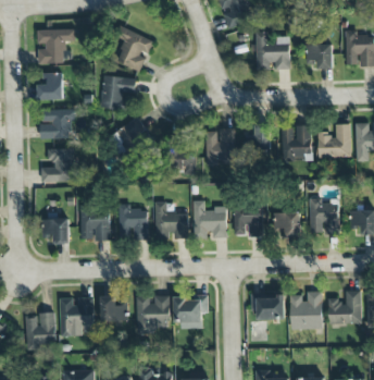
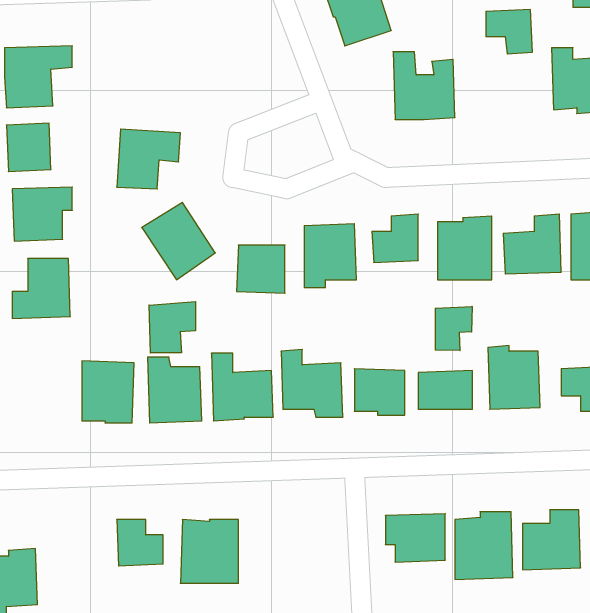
building: [115,27,153,72] -> none
building: [307,45,333,70] -> [486,10,532,54]
building: none -> [149,302,195,353]
building: none -> [435,306,472,351]
building: [42,219,68,245] -> none
building: [174,296,208,329] -> none
building: [60,297,93,335] -> none

